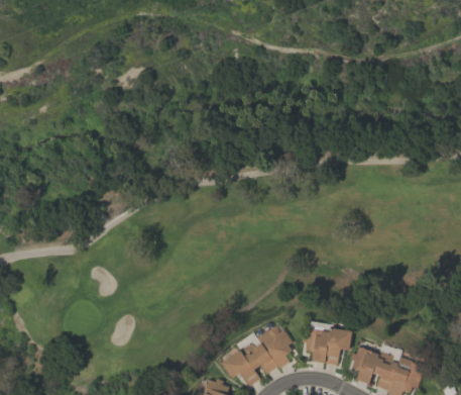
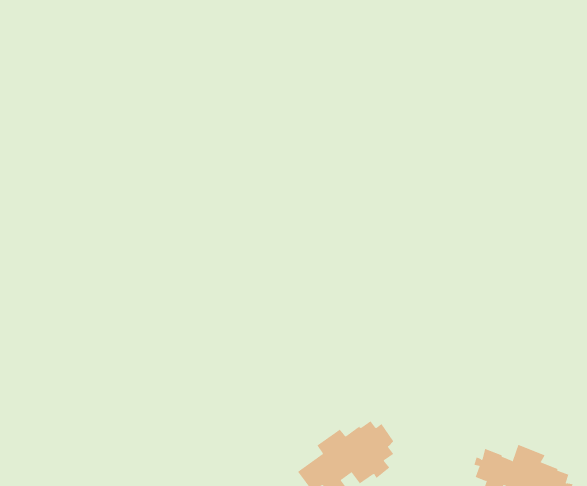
building: [302,321,351,364] -> none

